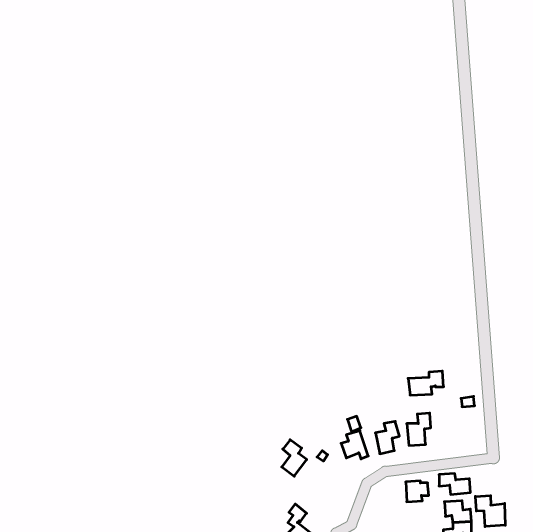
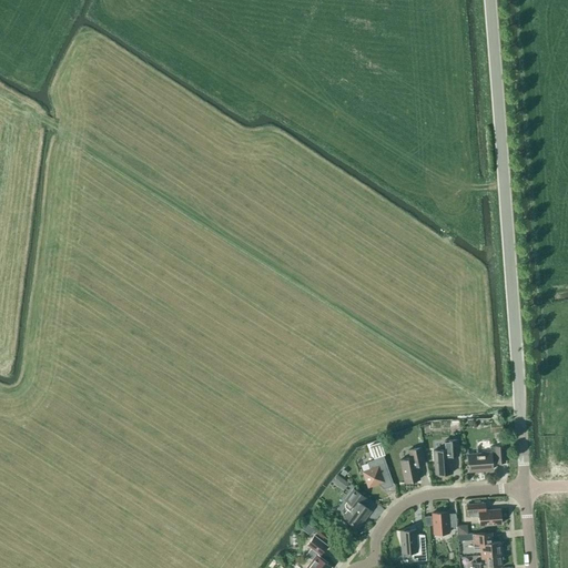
building: [408,371,444,395] -> [467,447,505,473]
building: [282,440,307,476] -> [344,490,371,529]
building: [475,496,505,527] -> none
building: none -> [399,530,426,562]

